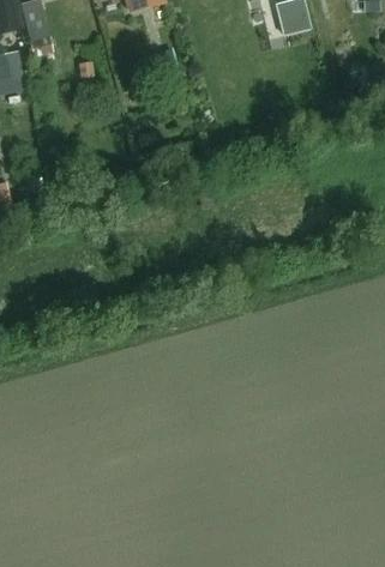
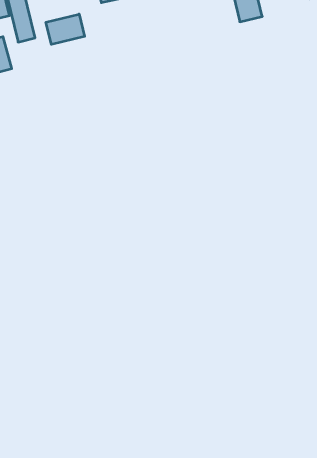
building: none -> [46,14,85,44]

